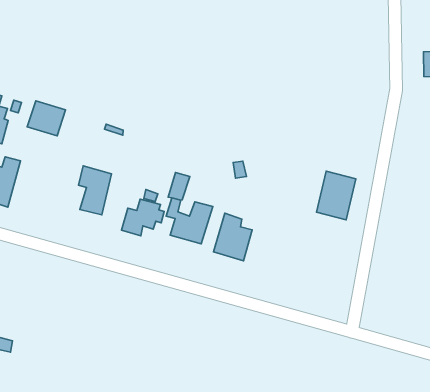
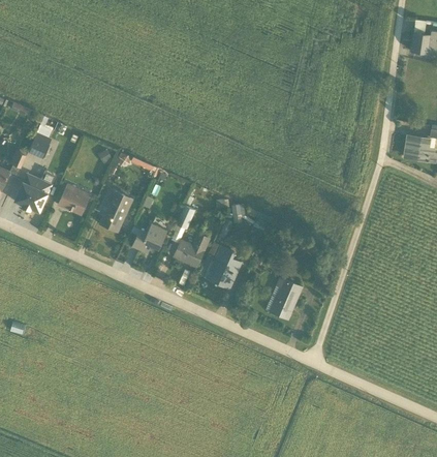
building: [27,101,65,136] -> [57,183,91,215]
building: [316,171,356,220] -> [264,276,302,319]

